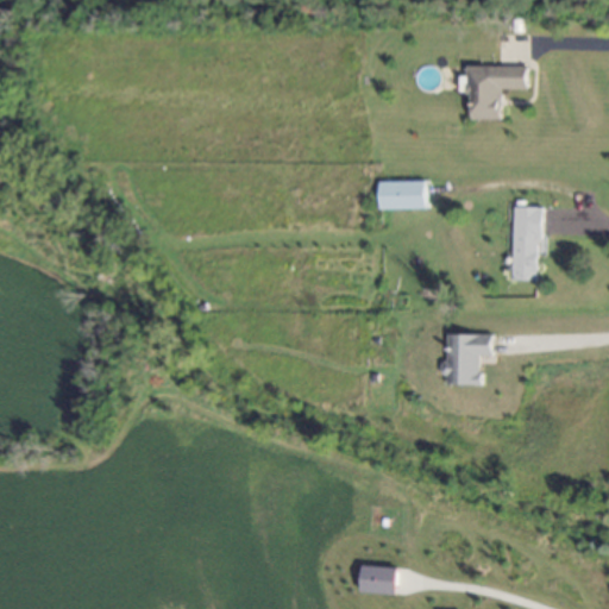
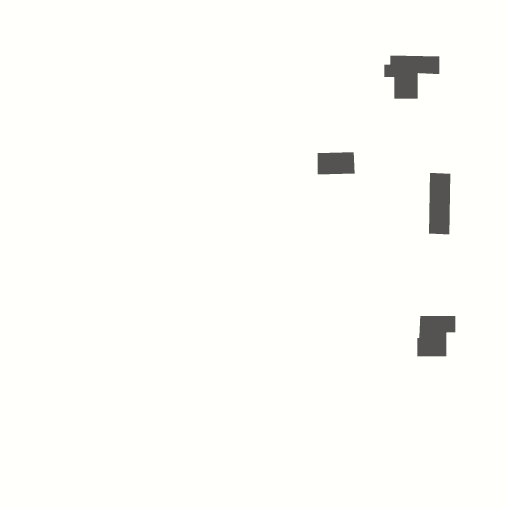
building: [445,334,492,384] -> [416,315,456,357]
building: [360,565,396,594] -> none

